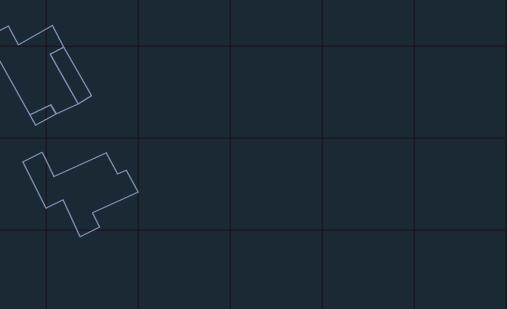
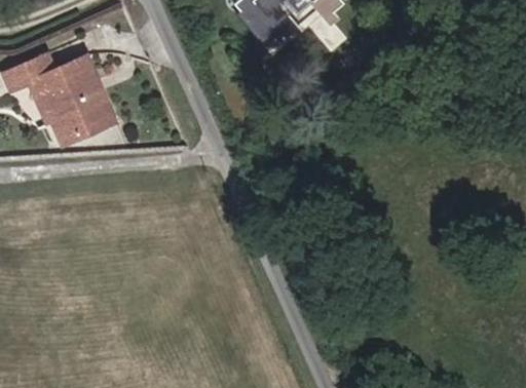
building: [23,152,138,237] -> none

